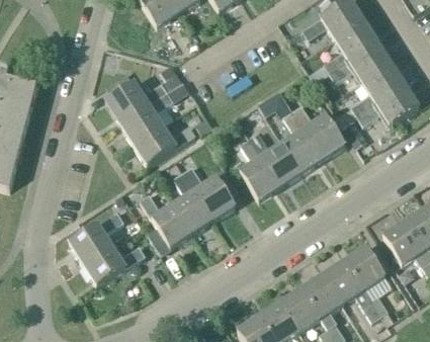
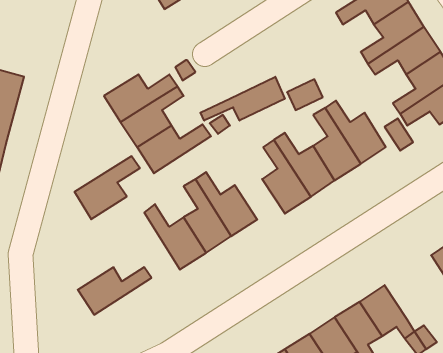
building: none -> [200,77,285,121]
building: [68,209,123,263] -> [74,156,140,219]
building: [343,245,383,288] -> none

